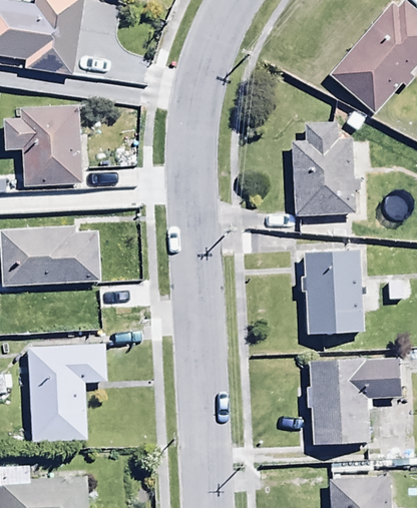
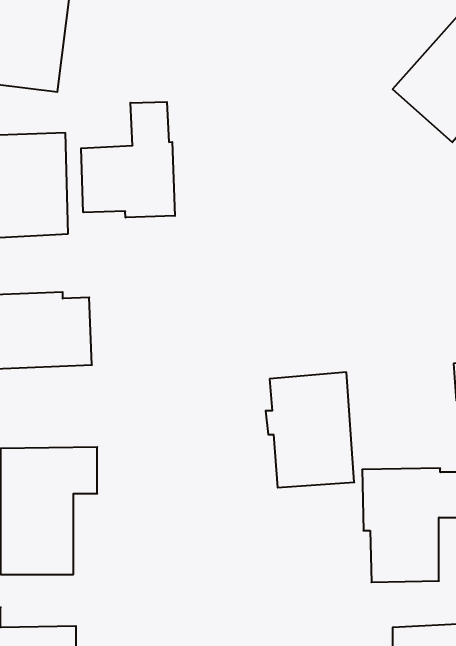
building: none -> [81,102,175,218]
building: [291,126,359,217] -> none
building: [299,247,366,335] -> [266,372,354,488]

